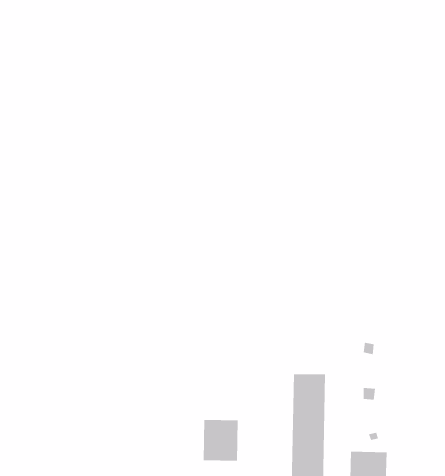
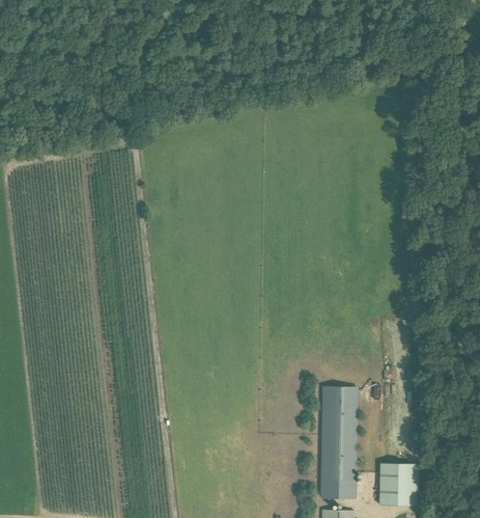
building: [203,419,238,461] -> none

